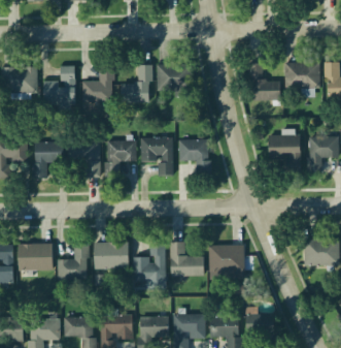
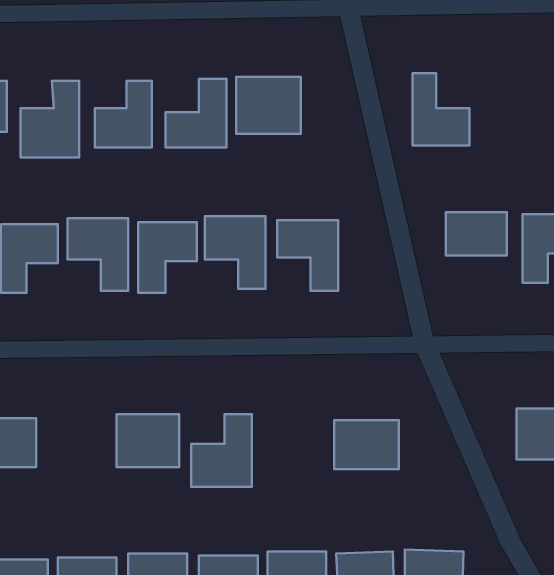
building: [285,62,319,89] -> none
building: [171,242,203,275] -> none
building: [59,244,89,280] -> none

